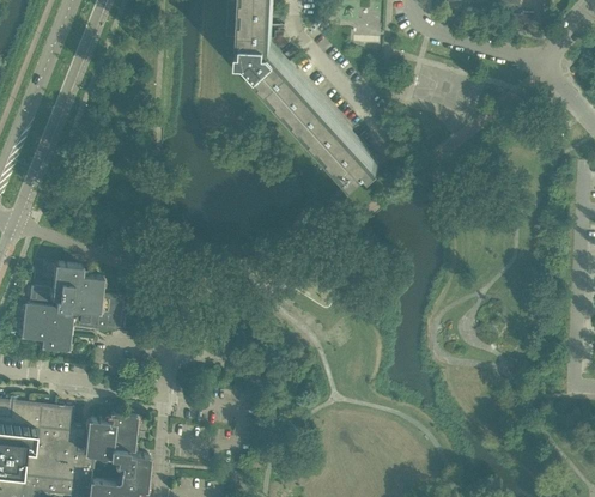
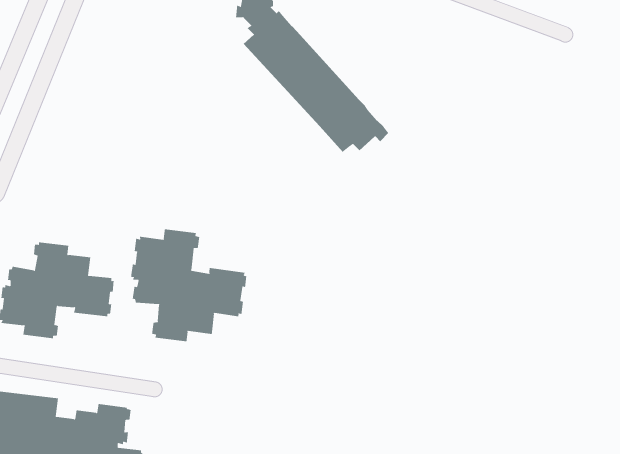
building: none -> [131,228,247,342]

